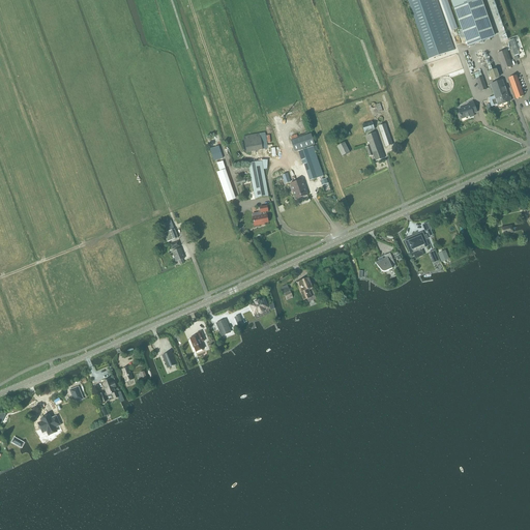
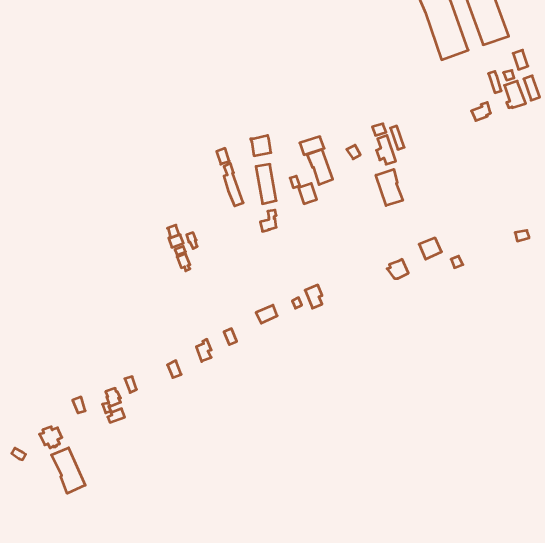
building: none -> [376,169,403,206]
building: none -> [51,448,85,493]

